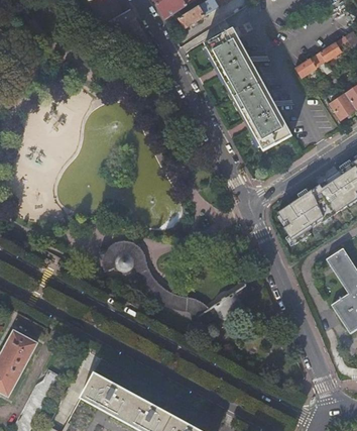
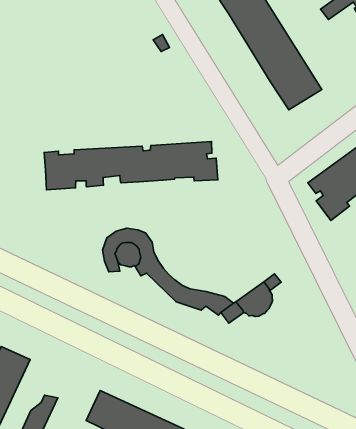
building: none -> [44,141,218,190]

